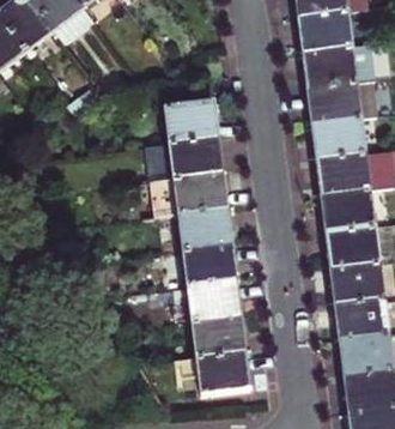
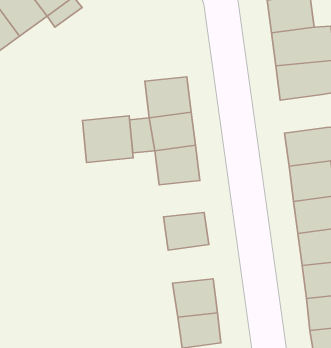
building: [311,114,361,156] -> none
building: none -> [82,116,133,163]
building: [180,207,229,247] -> none
building: [189,277,238,319] -> none

